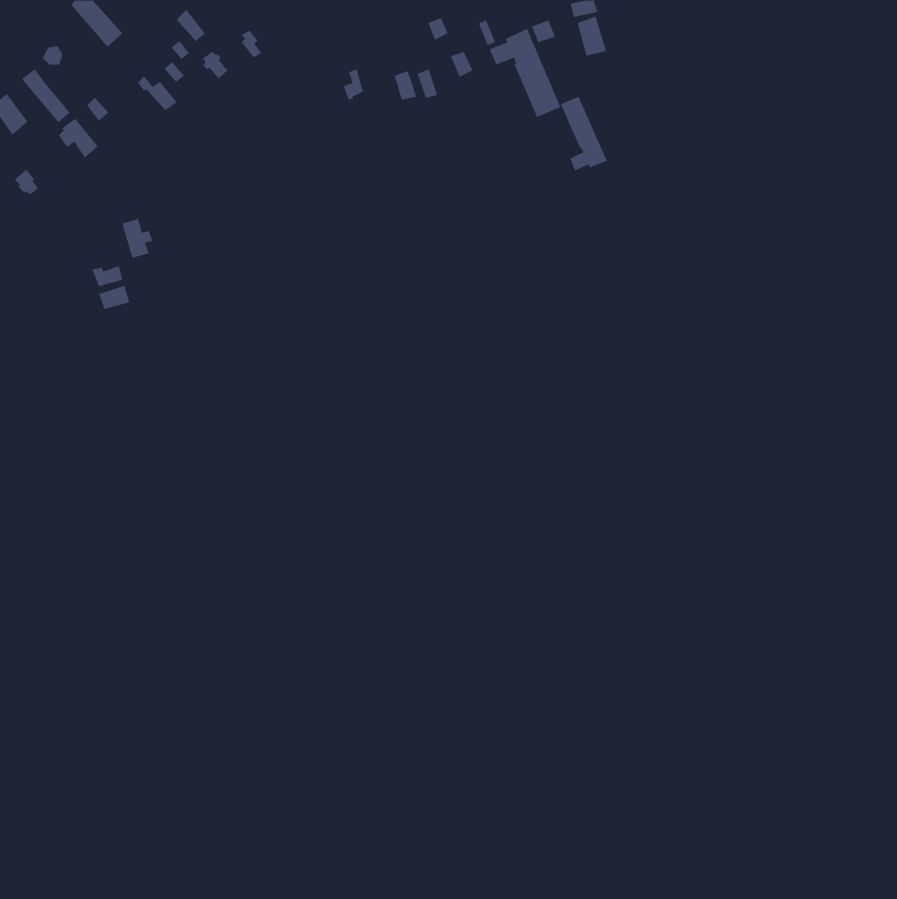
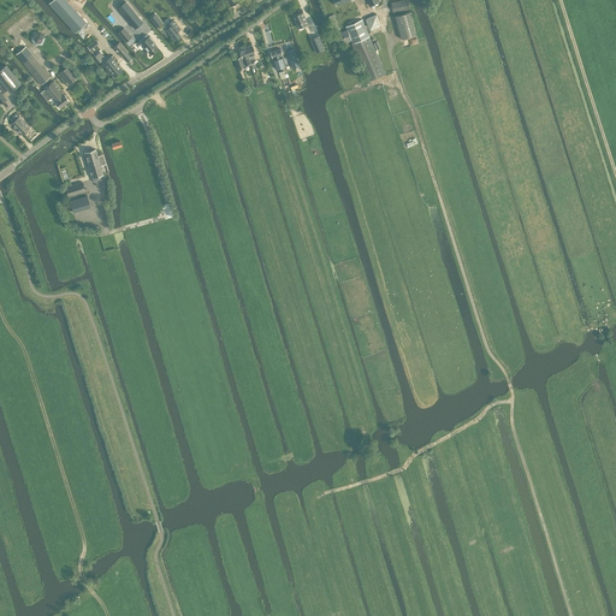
building: [560,96,607,171] -> none

